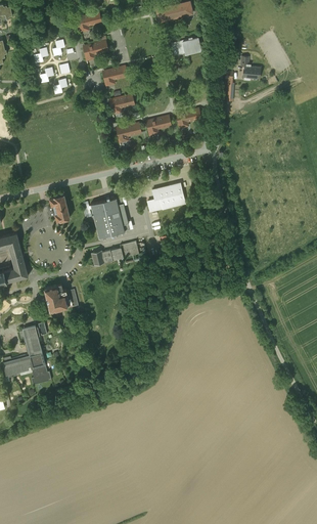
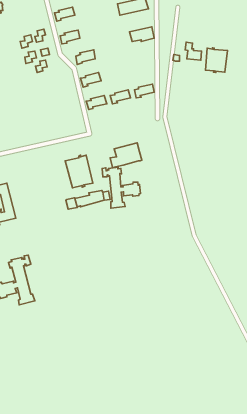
building: none -> [206,48,227,72]
building: [47,194,70,222] -> none
building: none -> [102,167,140,208]
building: [43,283,78,311] -> none

